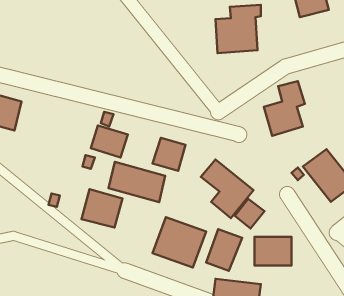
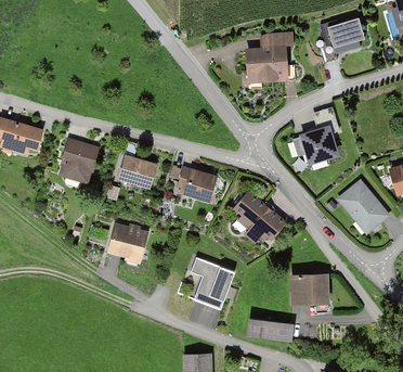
building: none -> [56,140,97,185]
building: [109,162,165,202] -> none
building: [235,199,265,229] -> none
building: [206,229,242,271] -> none

